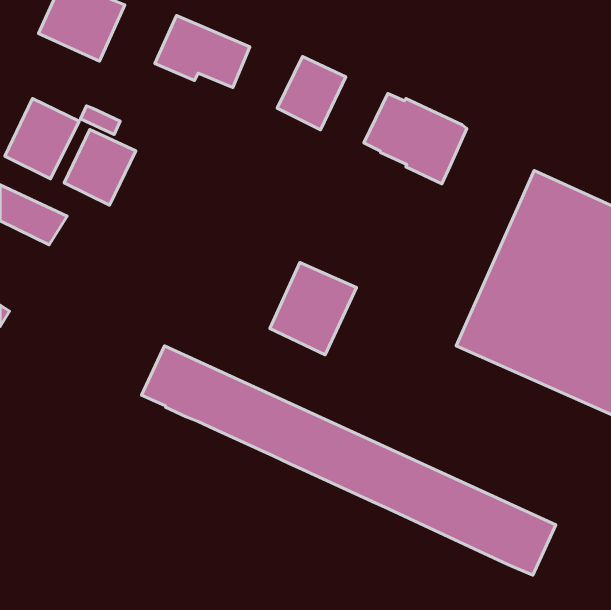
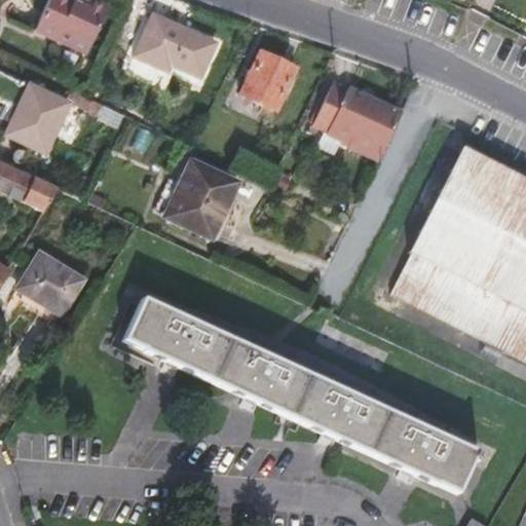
building: [64,129,136,205] -> none
building: [270,262,356,355] -> [165,158,239,237]
building: none -> [18,252,83,313]

